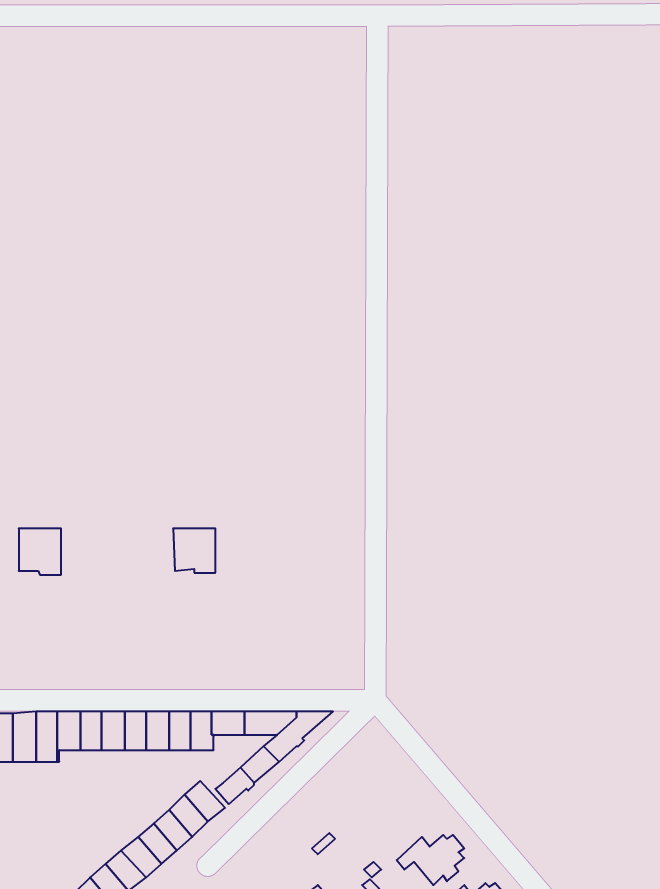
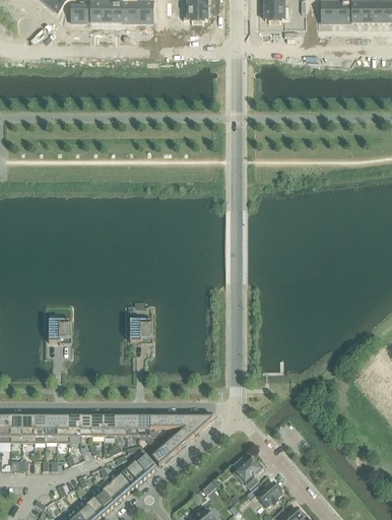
building: none -> [234,456,262,488]

